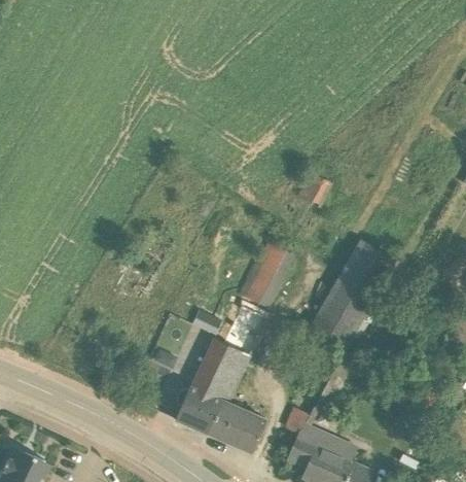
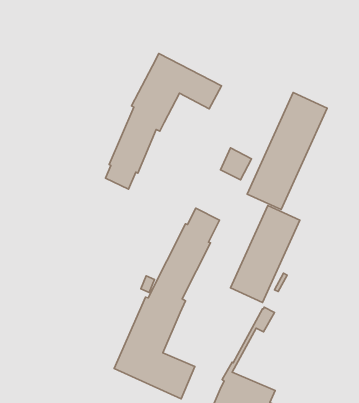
building: none -> [105,54,222,189]
building: none -> [247,93,327,210]

